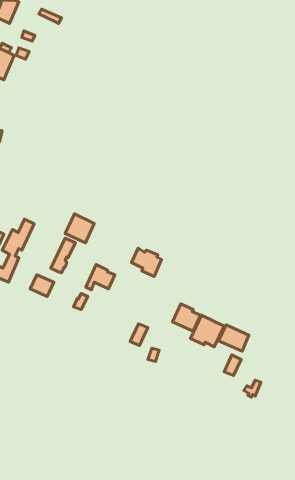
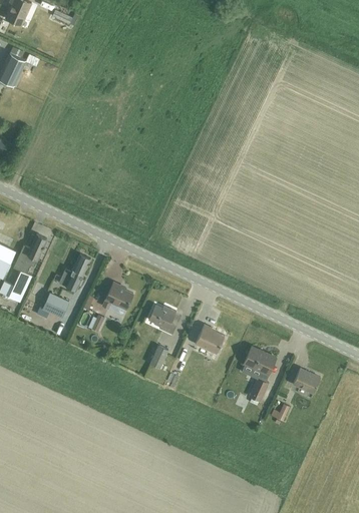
building: [65,214,94,243] -> none
building: [131,248,162,277] -> [147,305,180,335]
building: [191,315,224,347] -> none
building: none -> [292,369,320,394]

